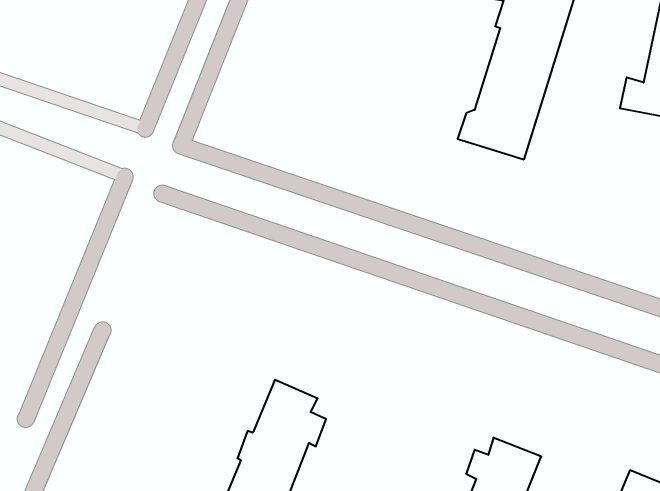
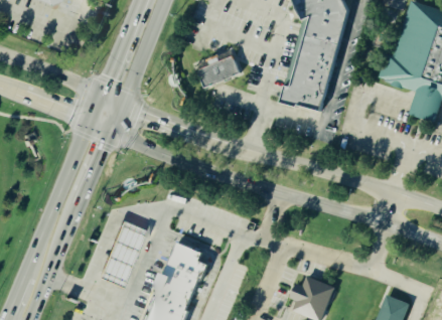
building: none -> [199,54,242,86]
building: none -> [97,220,144,287]

